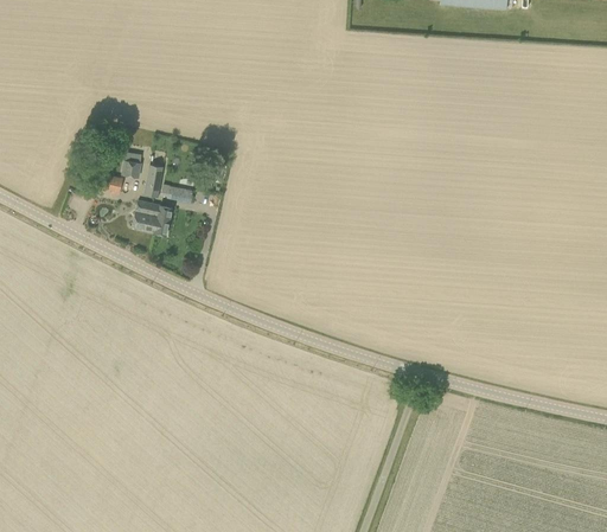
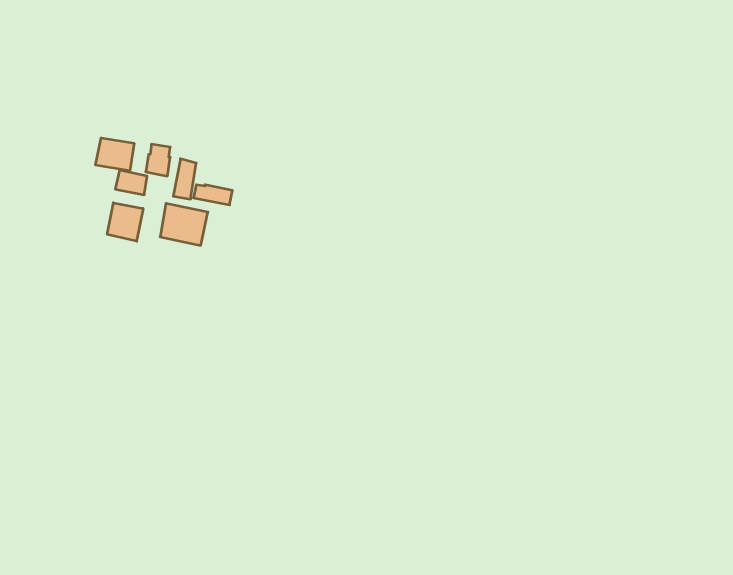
building: none -> [96,138,134,171]
building: none -> [107,203,143,241]

